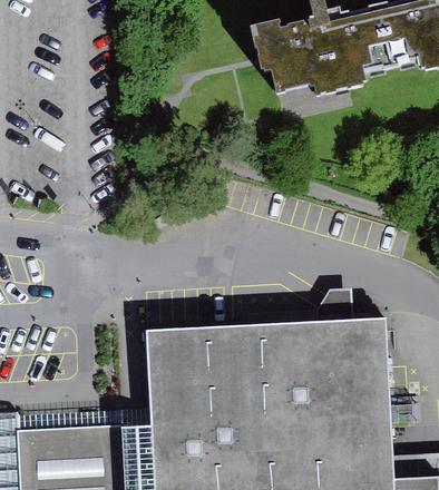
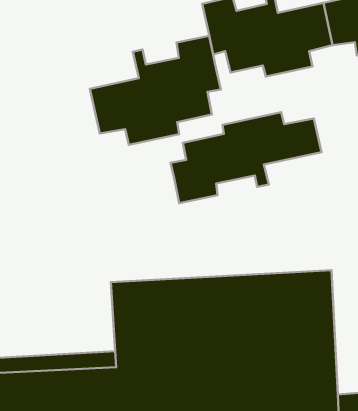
building: none -> [90,36,221,145]
building: none -> [171,112,321,203]

